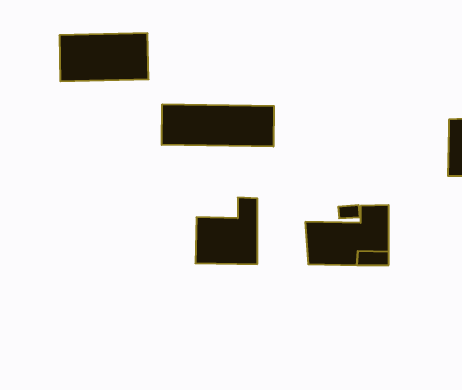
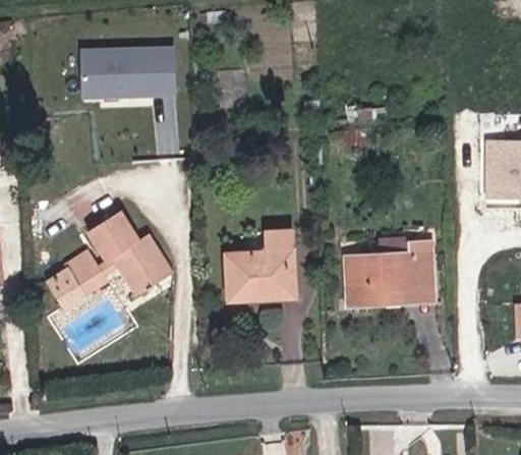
building: [162,104,274,147] -> none
building: none -> [58,212,176,305]

